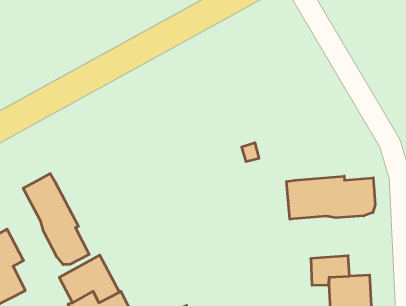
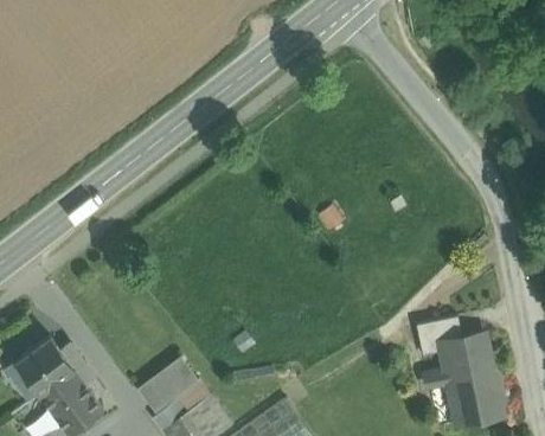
building: [23,174,89,265] -> none
building: [287,176,375,219] -> none

